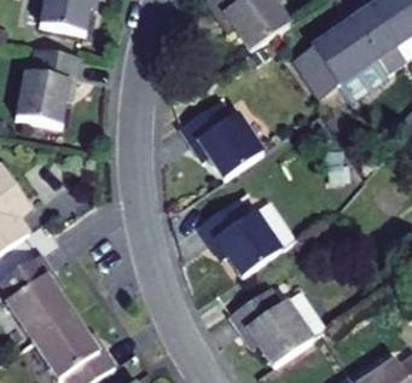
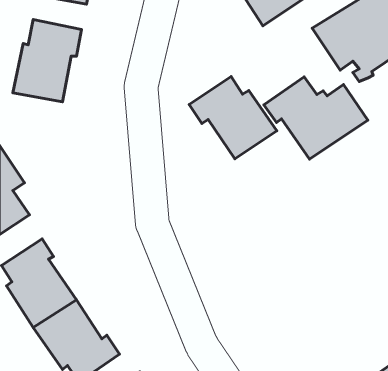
building: [199,198,298,277] -> [264,77,368,159]
building: [231,286,329,366] -> none

